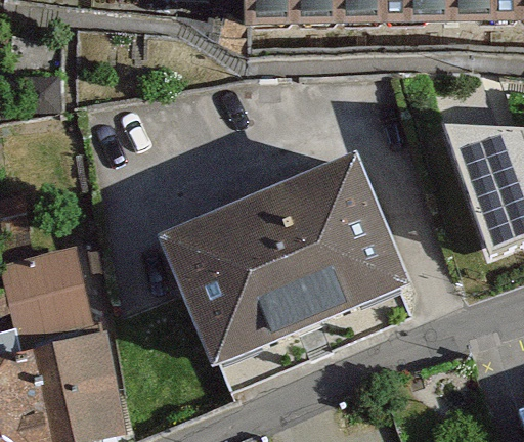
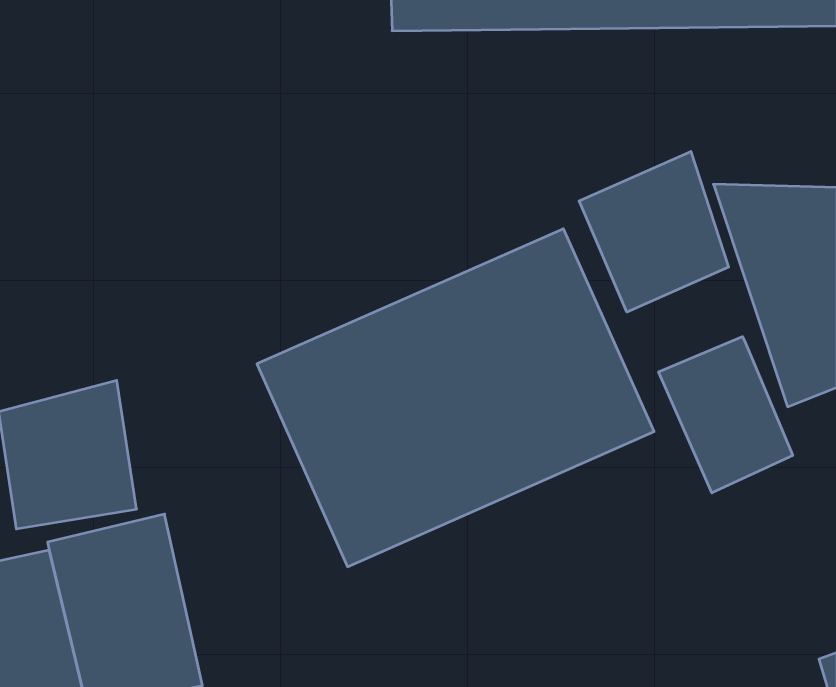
building: none -> [579,151,729,312]
building: none -> [659,337,793,493]

